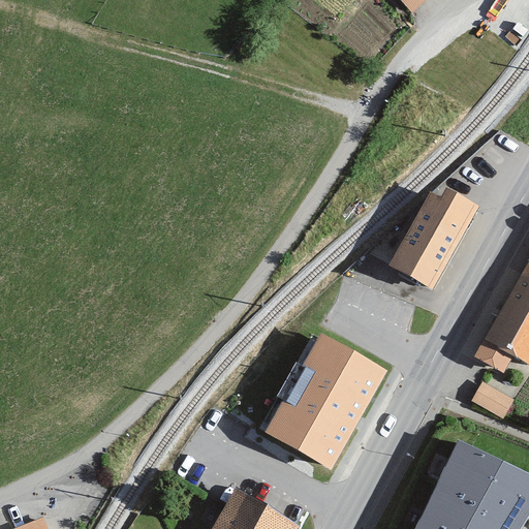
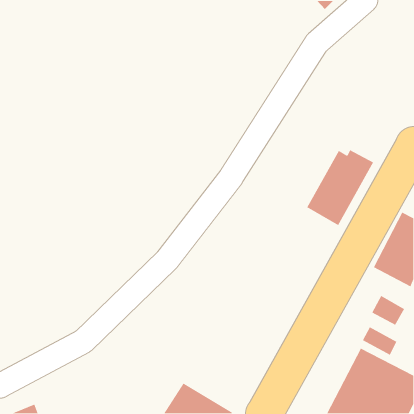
building: [259,330,385,468] -> none
building: none -> [362,326,397,356]

